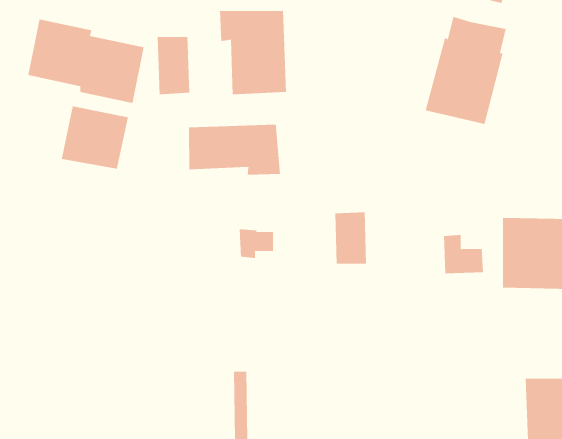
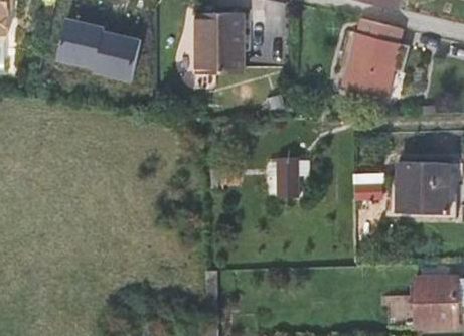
building: [157,36,190,95] -> none
building: [61,106,128,169] -> none
building: [188,124,280,175] -> none

